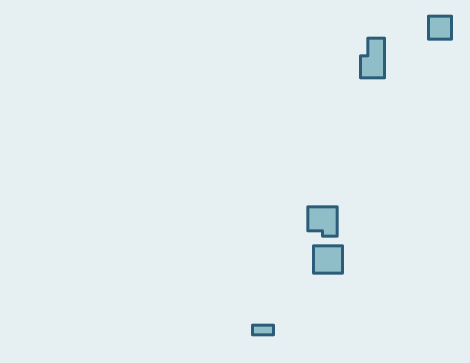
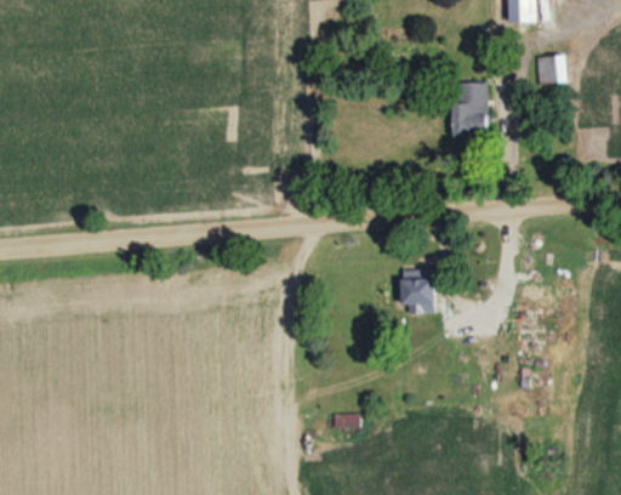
building: [314,246,342,273] -> none

